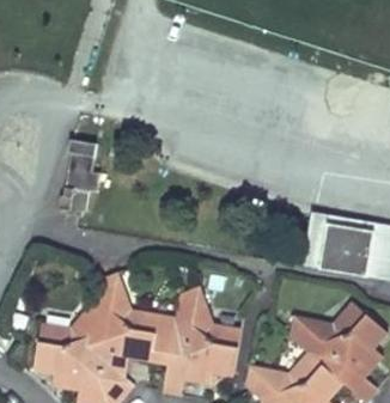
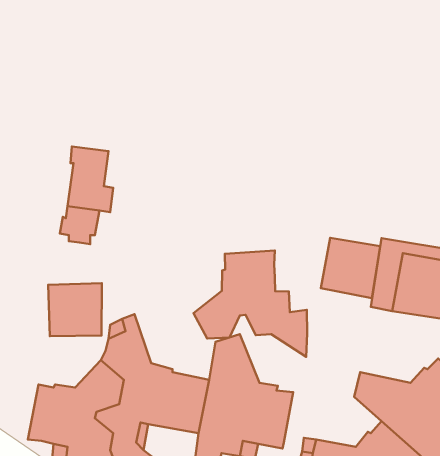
building: none -> [321,238,380,298]
building: none -> [194,250,307,357]
building: none -> [48,283,102,336]

